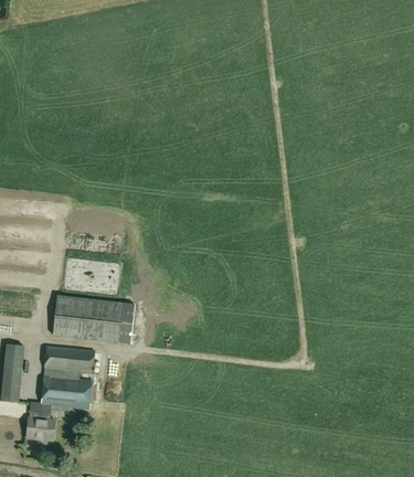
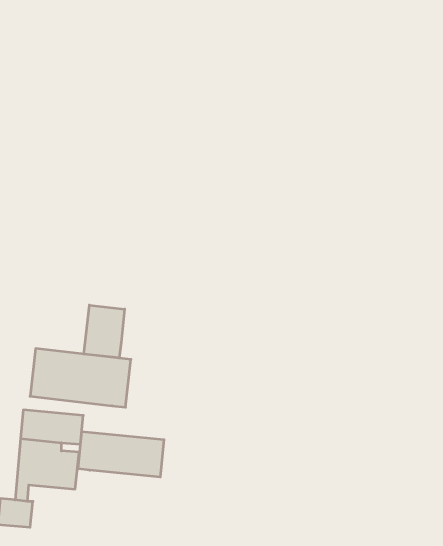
building: none -> [84,305,125,358]
building: none -> [78,431,164,477]

